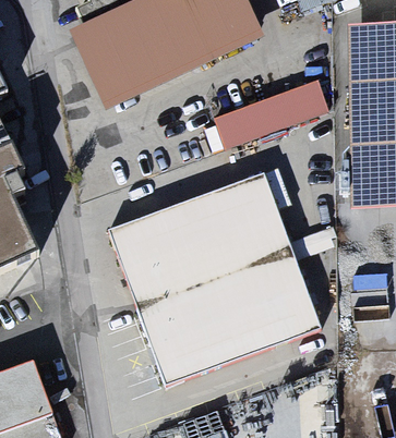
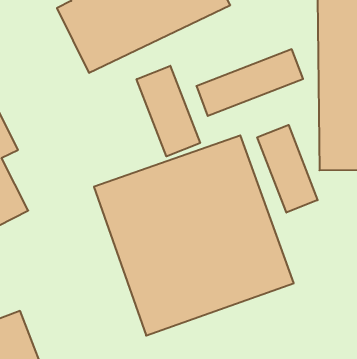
building: none -> [137,66,200,156]
building: none -> [257,125,318,213]

